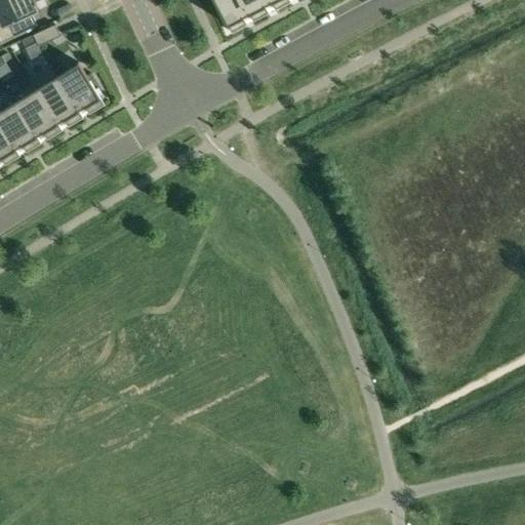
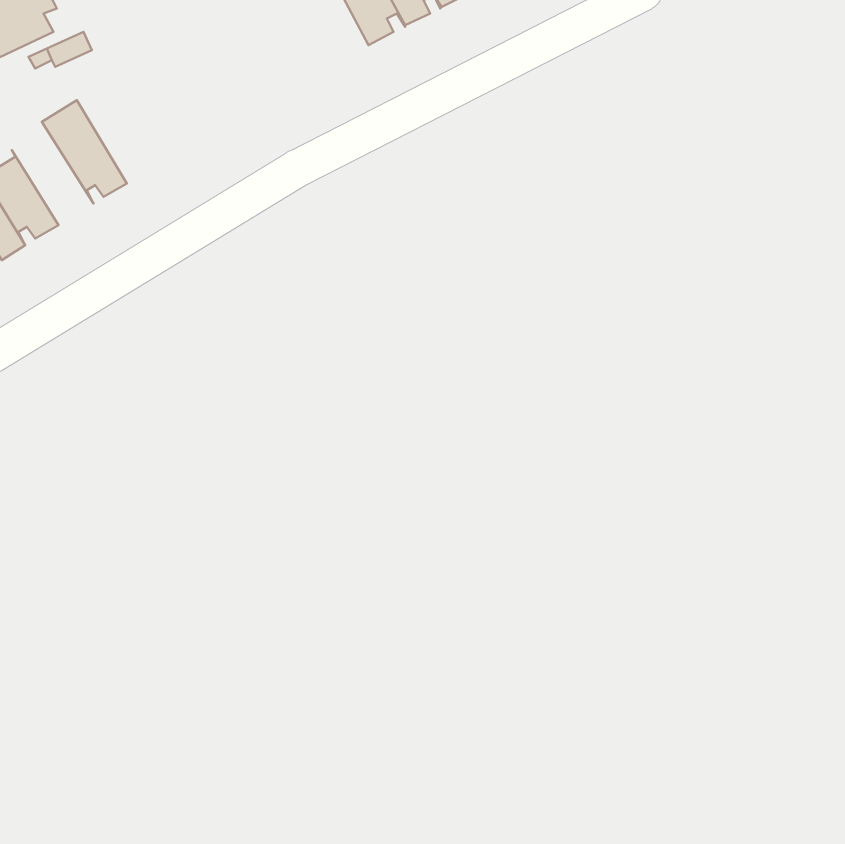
building: [47,57,99,113] -> none
building: [7,75,57,138] -> none

